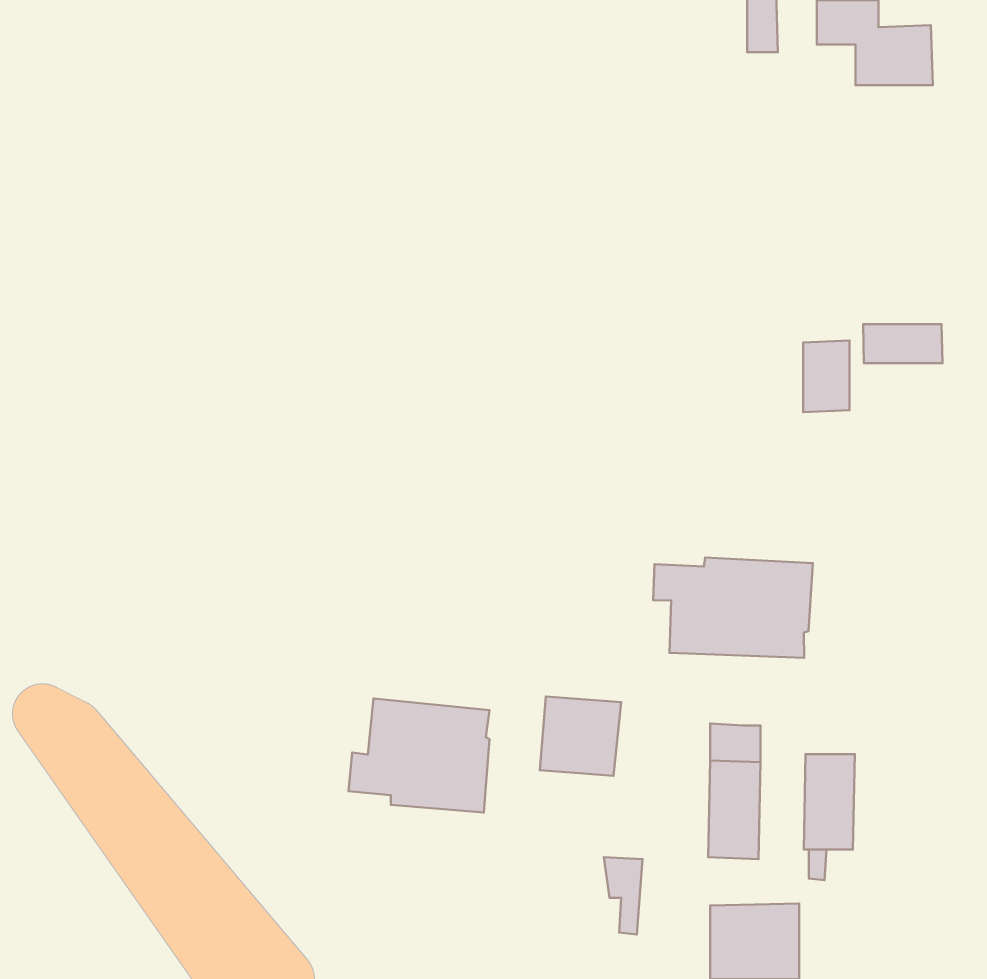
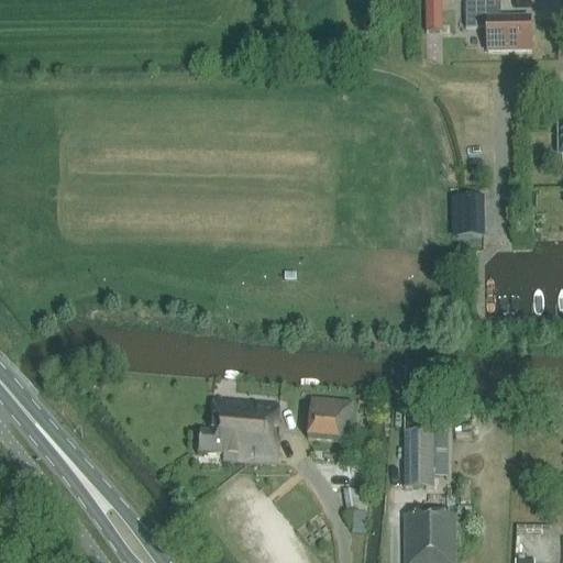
building: [863,324,942,363] -> none
building: [653,558,813,658] -> none
building: [804,754,855,849] -> none

